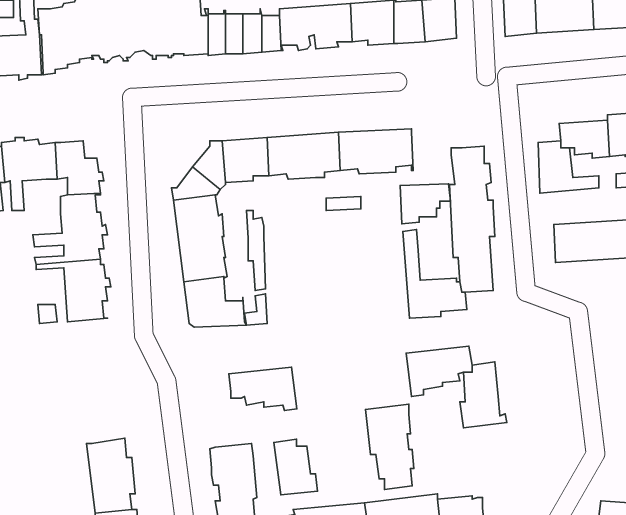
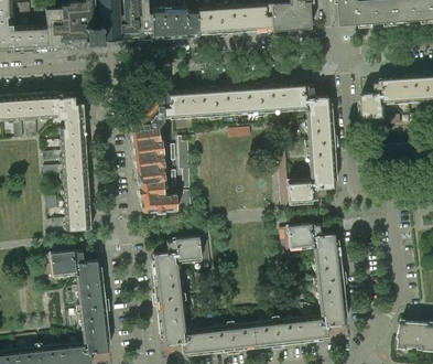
building: [400,184,450,224] -> [281,86,313,111]
building: none -> [50,205,91,229]
building: none -> [41,250,99,285]
building: [365,404,414,489] -> [314,271,345,325]
building: [274,439,317,495] -> [152,251,180,287]

